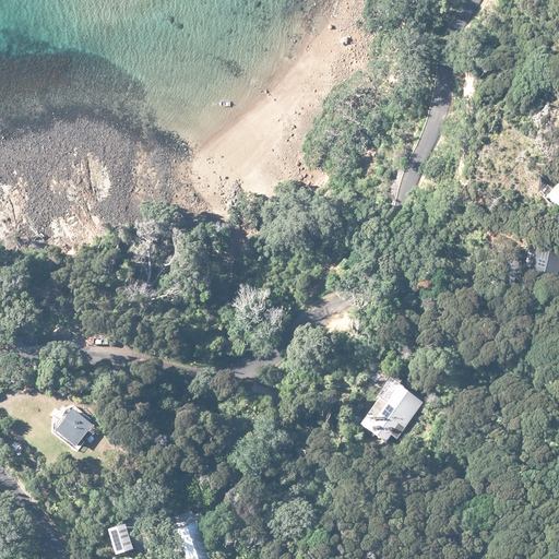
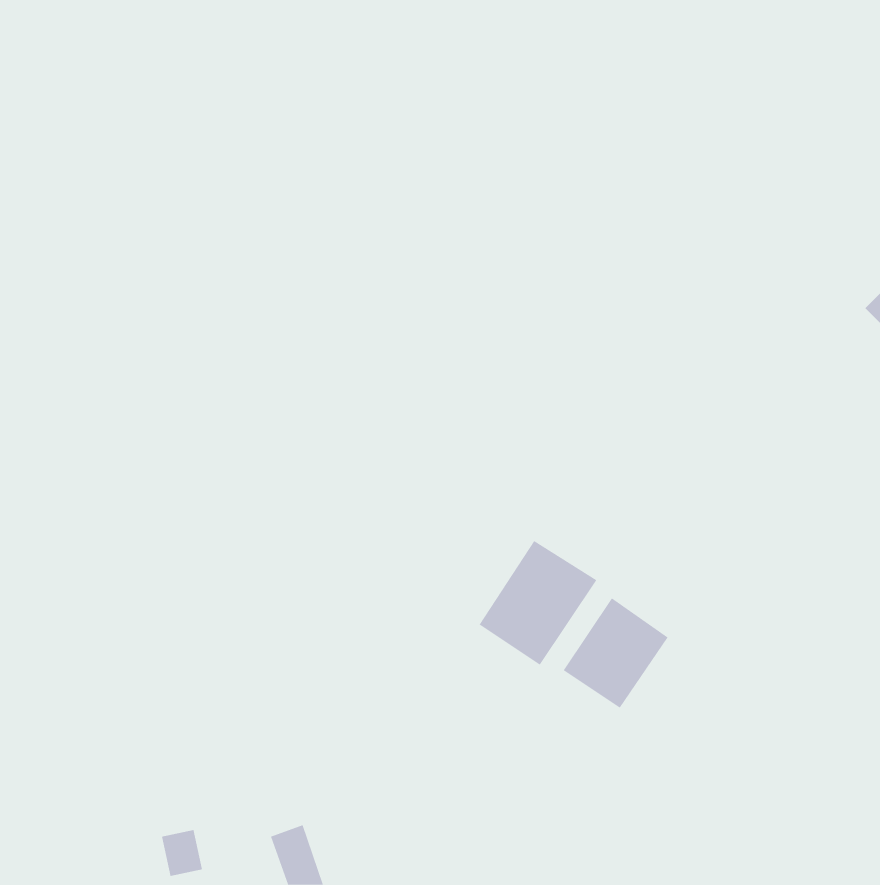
building: none -> [479,540,597,666]
building: [56,409,93,447] -> none

